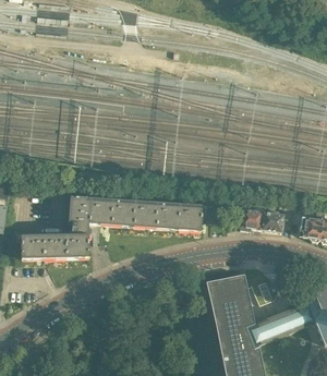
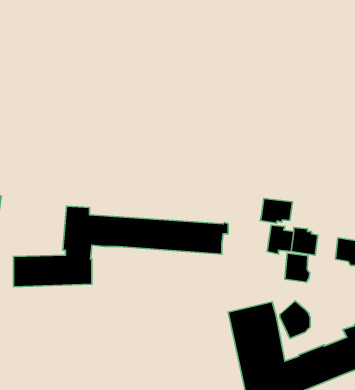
building: none -> [260,198,293,223]
building: none -> [285,253,310,282]

